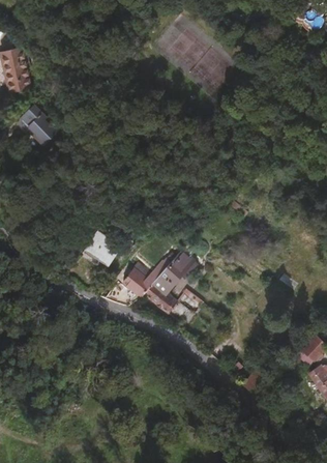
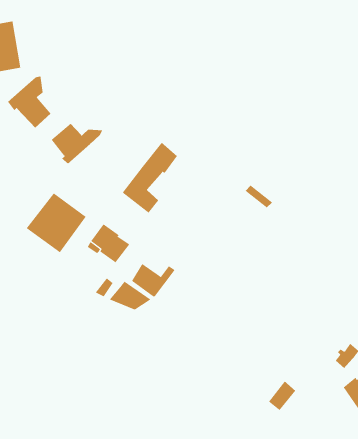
building: none -> [51,123,103,164]
building: none -> [26,192,86,253]
building: [147,249,197,312] -> [122,142,178,213]

